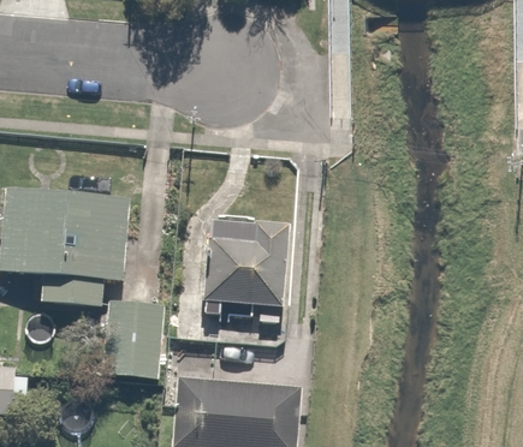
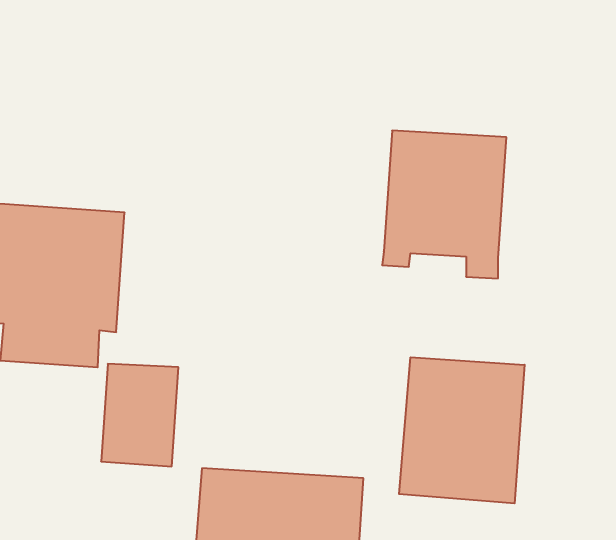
building: [201,215,290,321] -> [382,131,506,278]
building: none -> [399,357,525,503]

